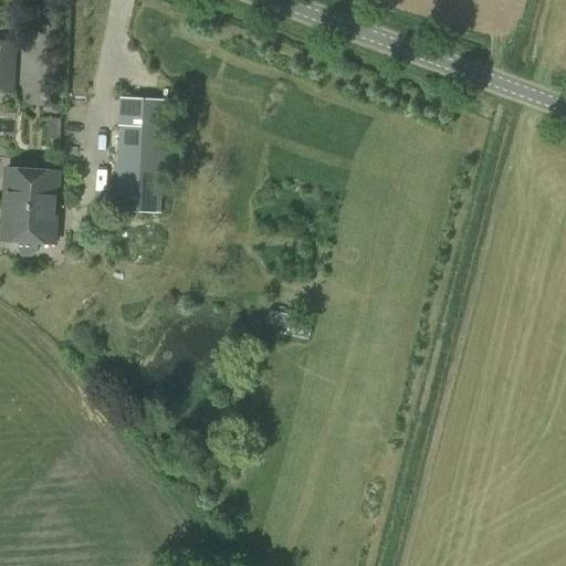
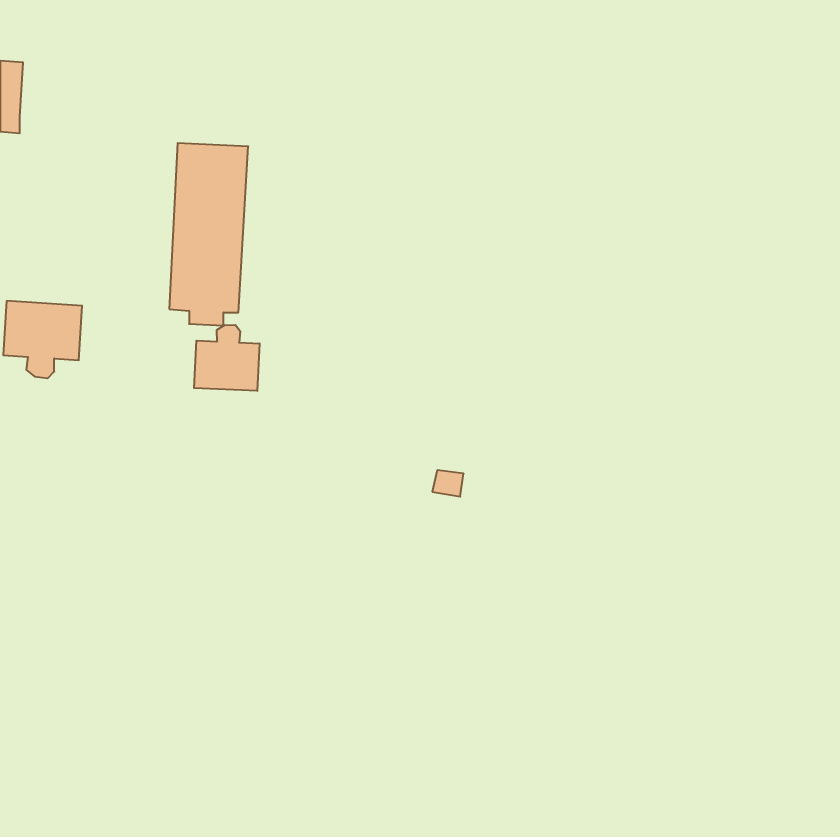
building: [4,166,57,206] -> none
building: none -> [194,325,260,391]

